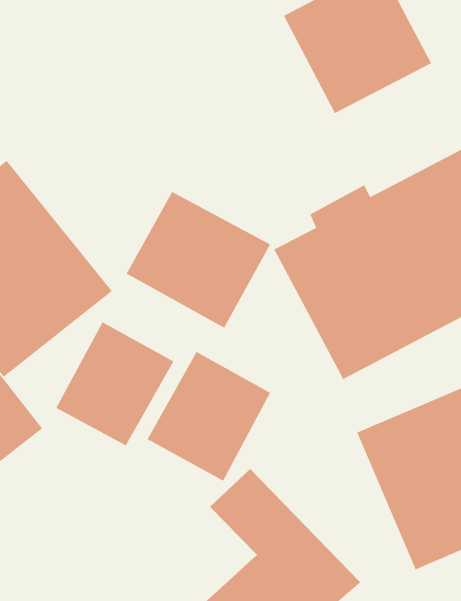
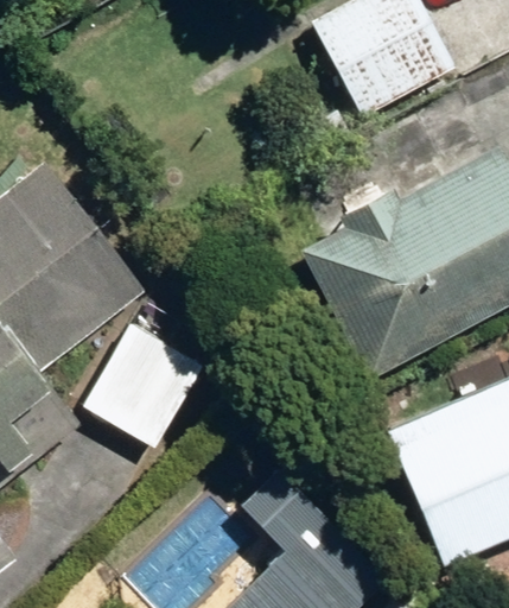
building: [126,191,271,329] -> none
building: [146,351,271,482] -> none

